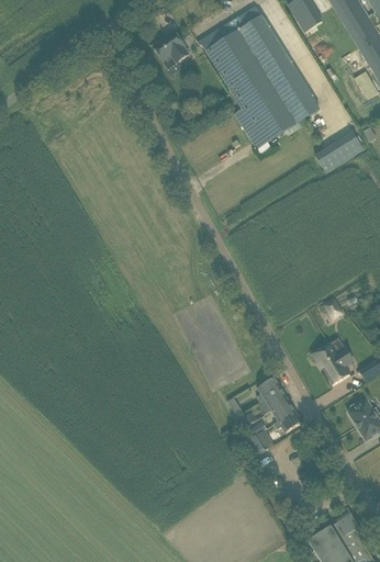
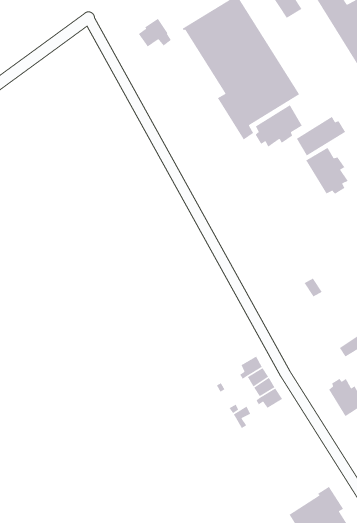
building: none -> [255,104,303,148]
building: none -> [305,147,349,194]
building: [312,342,354,383] -> none

